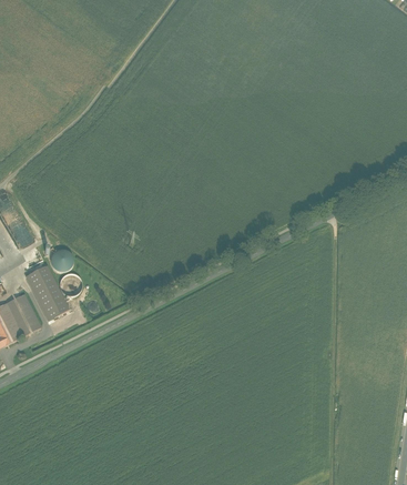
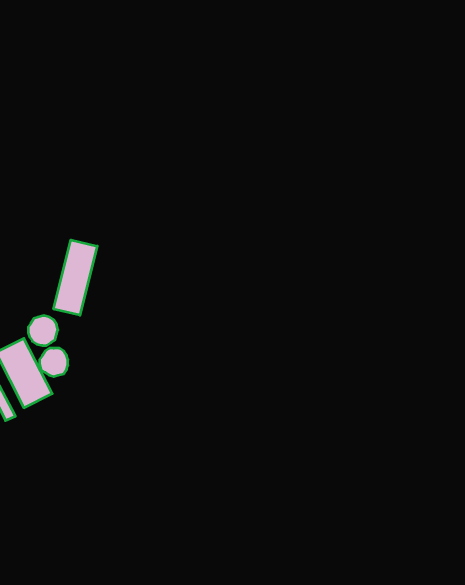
building: none -> [54,240,97,315]

